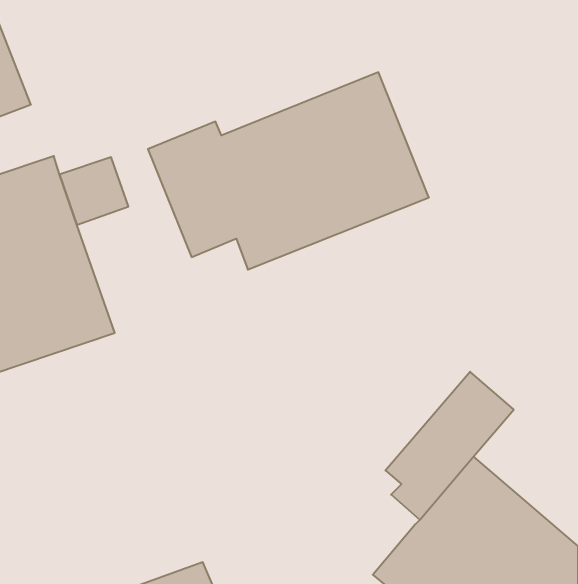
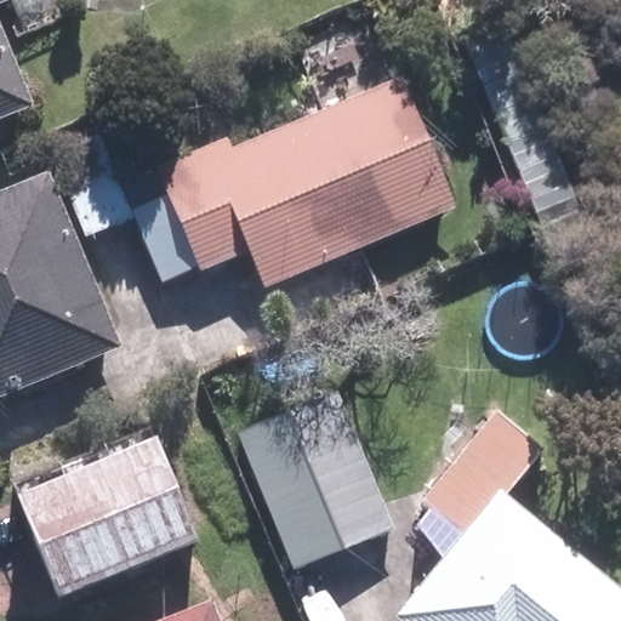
building: none -> [238,416,394,569]
building: none -> [11,428,212,603]

